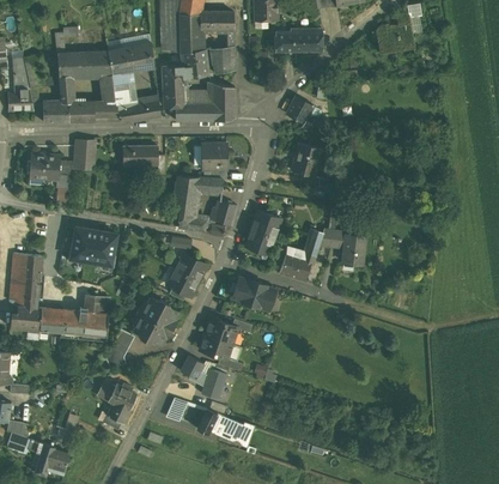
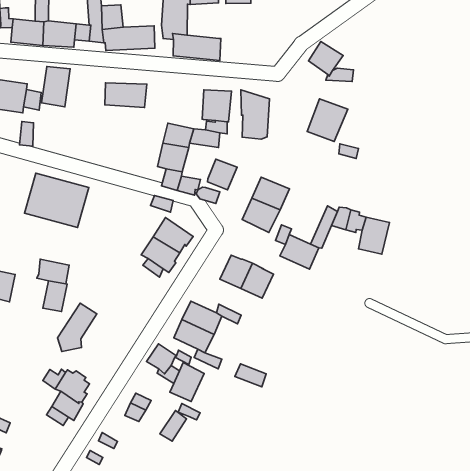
building: [209,81,235,120] -> [241,90,270,139]
building: [133,297,178,346] -> none
building: [63,308,93,335] -> none
building: [207,413,244,441] -> none

